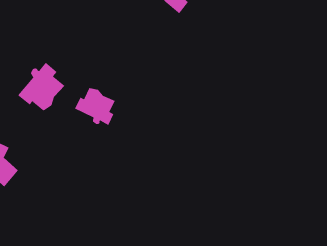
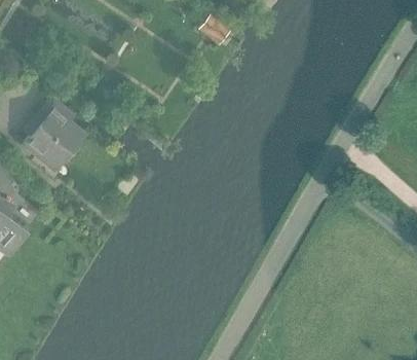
building: [74,87,115,126] -> none

